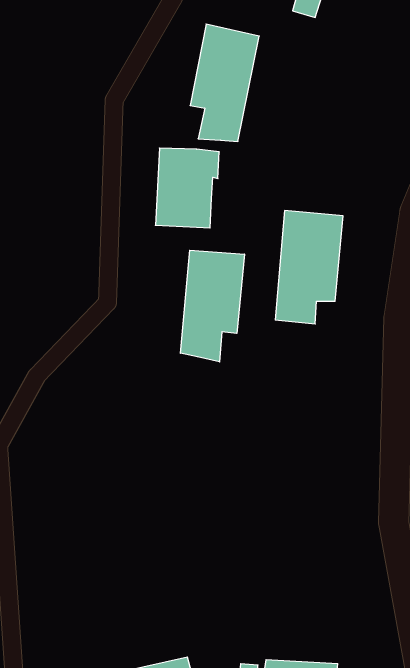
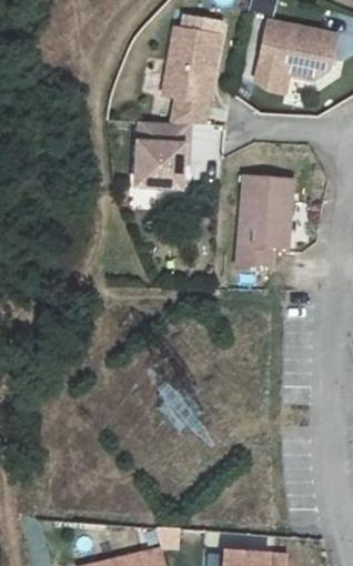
building: none -> [258,18,339,91]
building: [180,250,244,362] -> none

